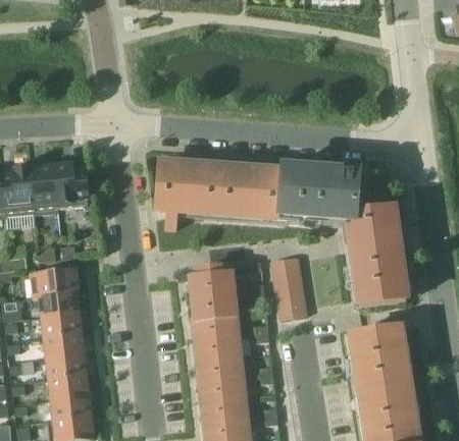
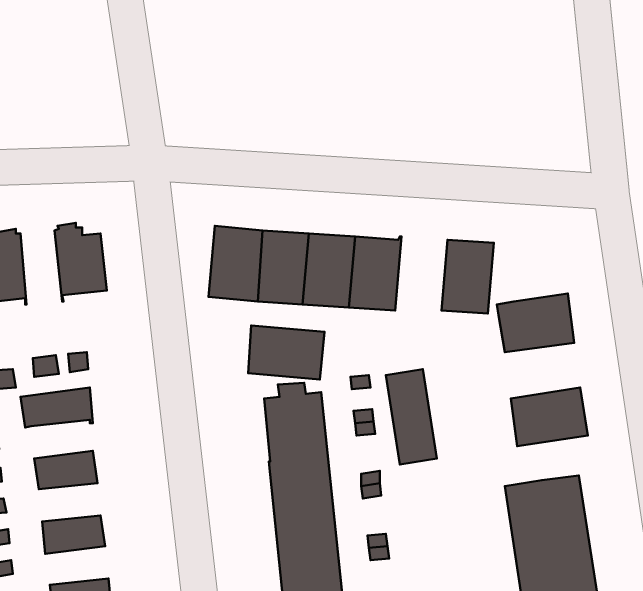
building: [31,162,58,214] -> none
building: [278,169,313,218] -> none
building: [340,173,360,221] -> none
building: none -> [248,326,324,380]
building: [351,239,401,276] -> none
building: [38,290,79,316] -> none
building: [43,332,84,357] -> none
building: [47,374,89,399] -> none

